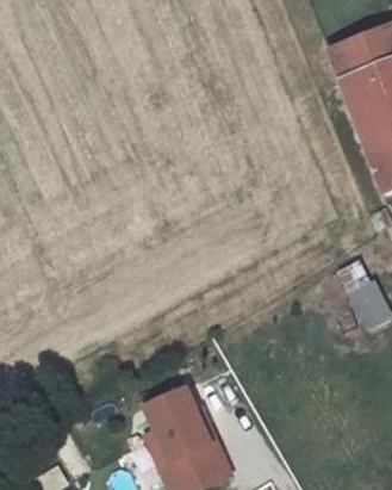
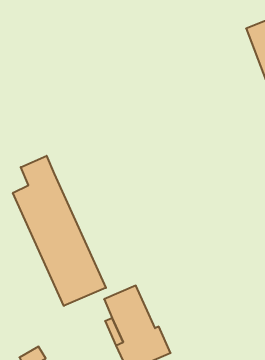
building: none -> [13,156,106,306]

